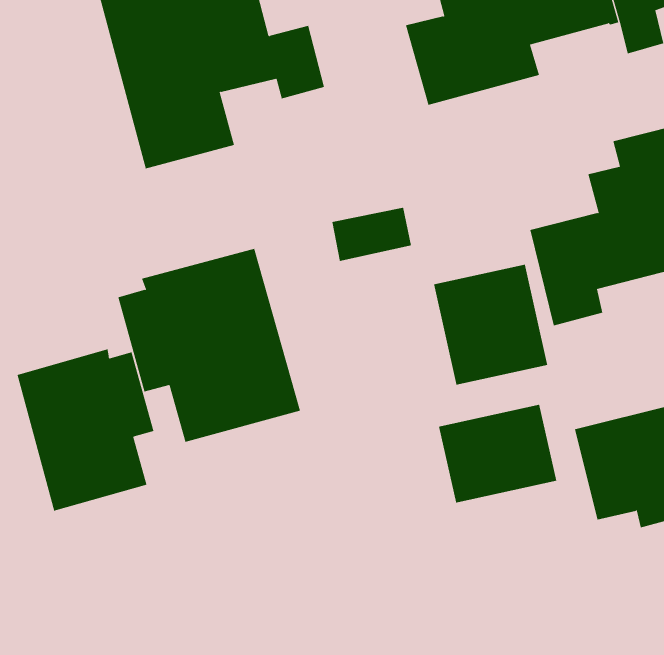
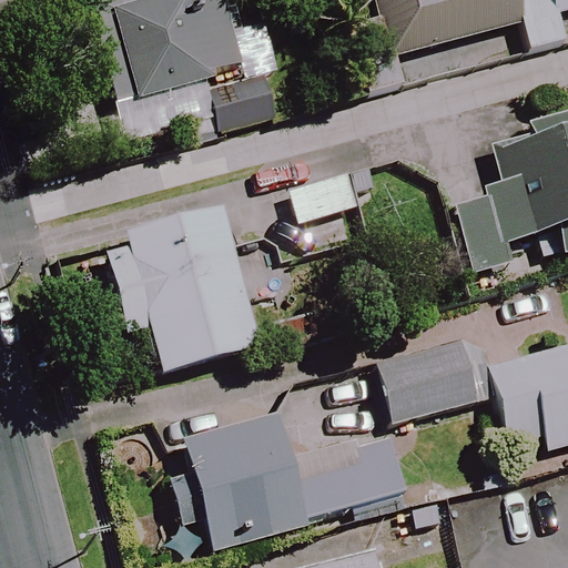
building: [434,264,548,385] -> none
building: [17,348,154,511] -> none
building: none -> [186,409,406,544]

